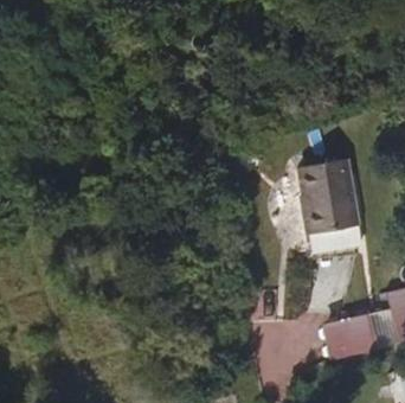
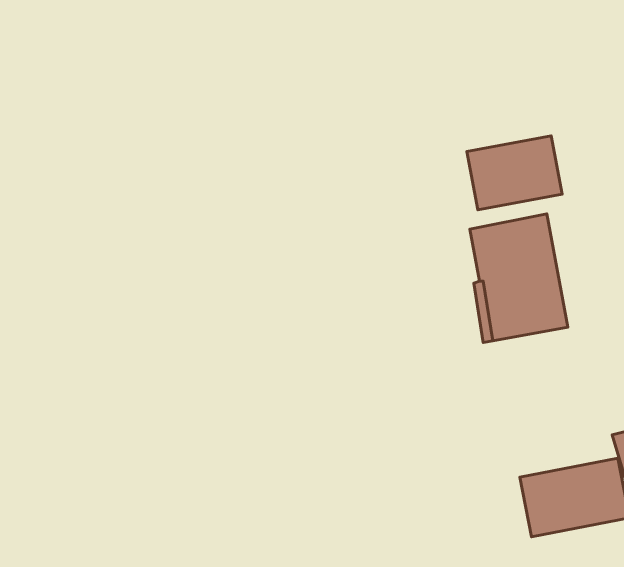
building: none -> [467,136,562,210]

